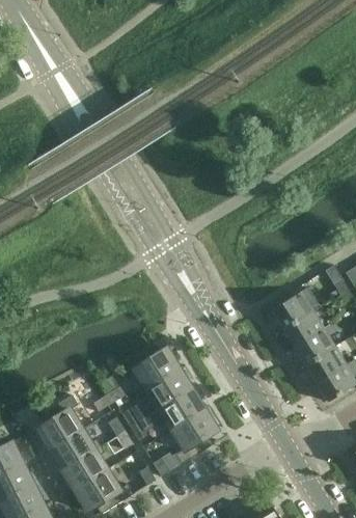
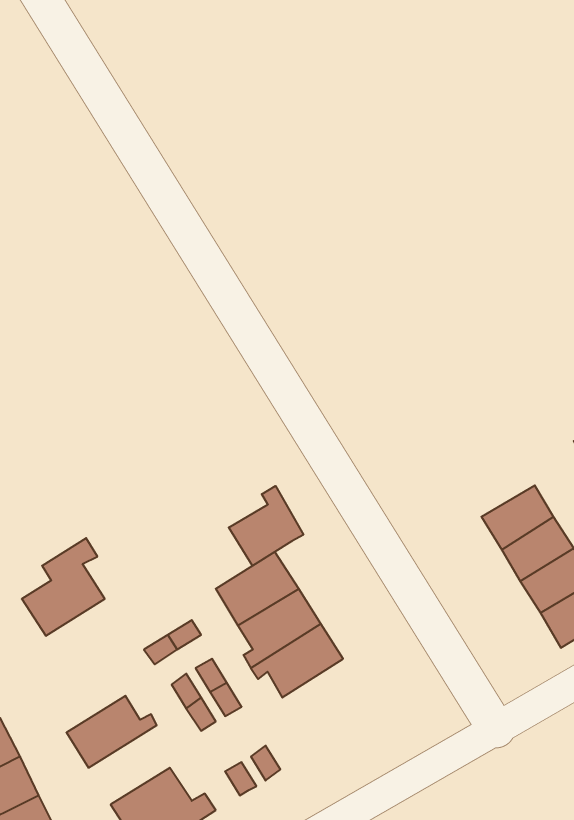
building: [272,291,313,328] -> none
building: none -> [229,486,303,566]
building: [36,394,83,449] -> [22,538,105,636]
building: [171,408,218,464] -> none
building: [62,445,108,490] -> none

